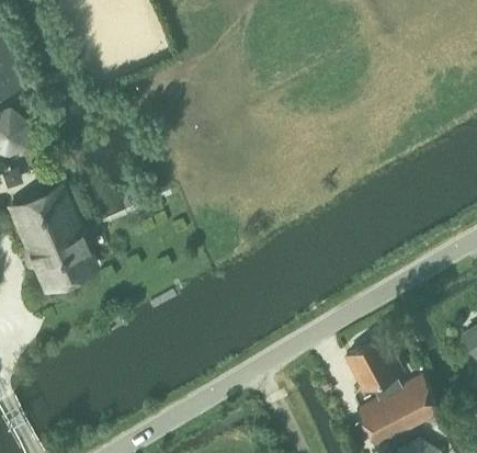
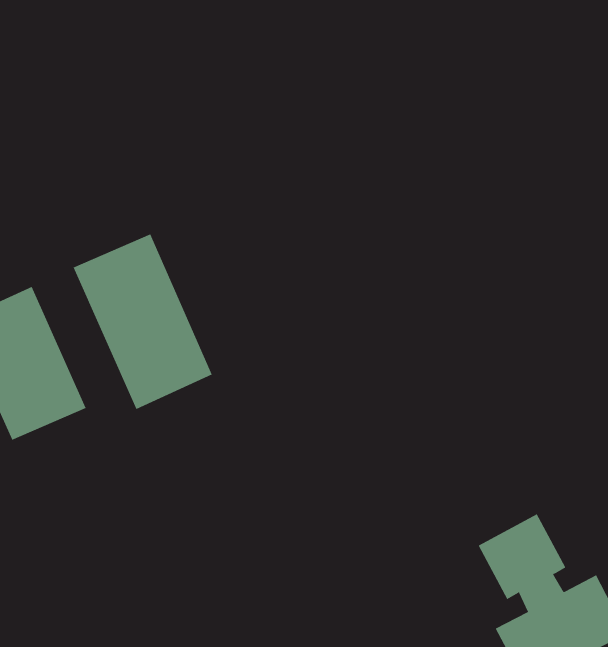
building: none -> [73,234,212,410]

